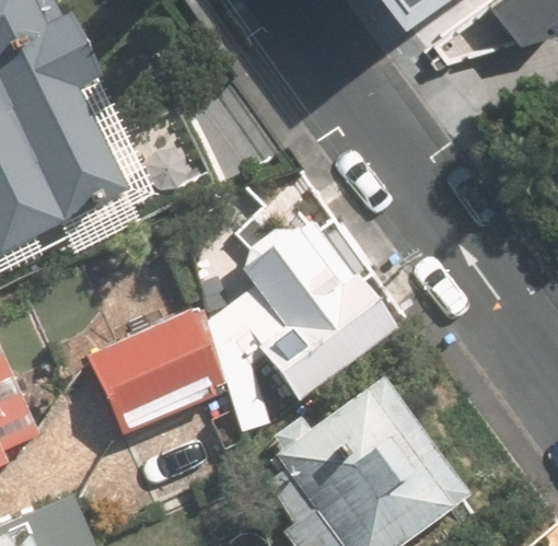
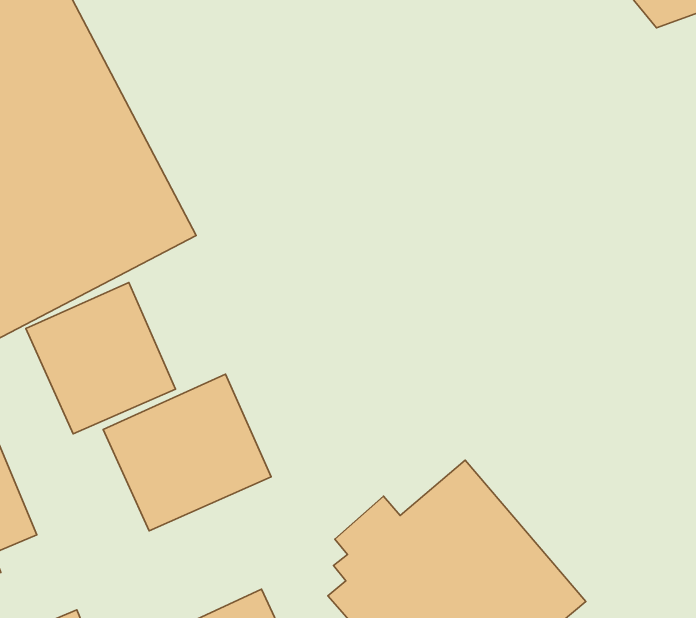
building: [239,209,392,404] -> none
building: none -> [26,283,175,434]

